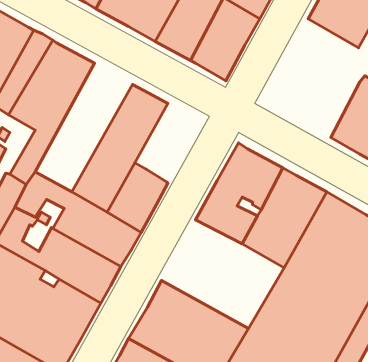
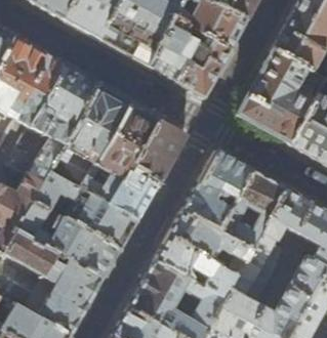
building: none -> [236,49,314,145]
building: none -> [50,85,129,189]
building: none -> [131,118,186,182]
building: none -> [153,212,252,300]

